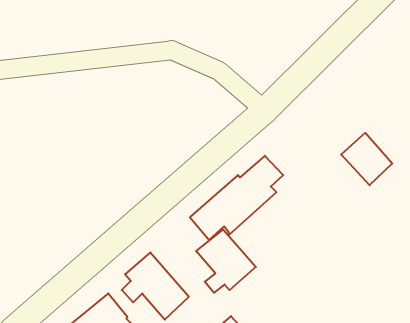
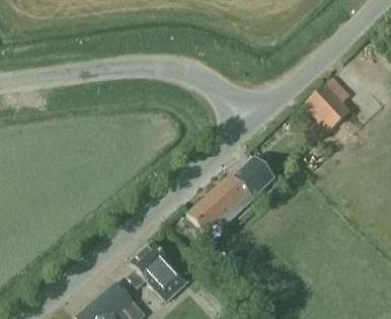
building: [341,133,392,185] -> [304,84,349,131]
building: [196,229,256,293] -> none

